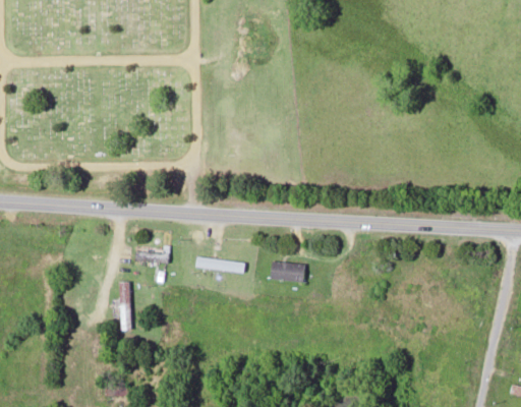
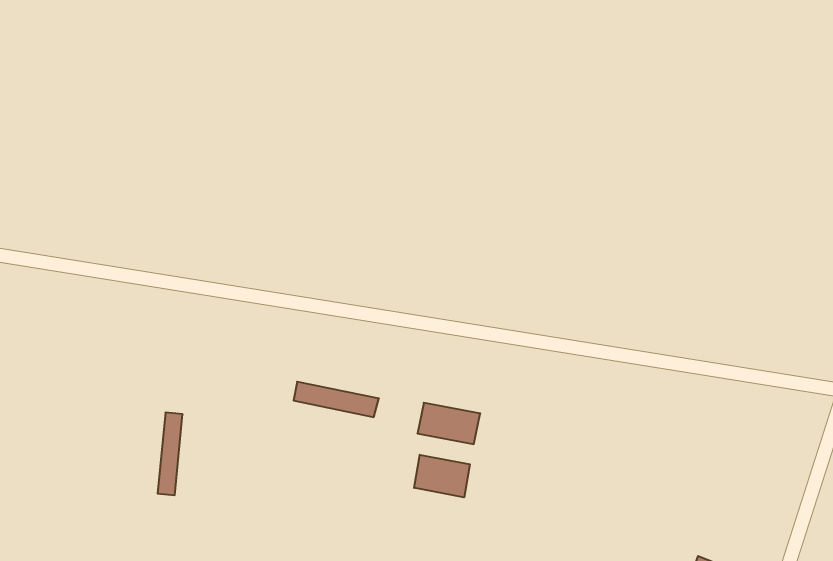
building: [134,246,168,265] -> none
building: none -> [414,455,470,497]

